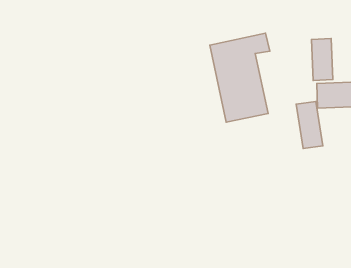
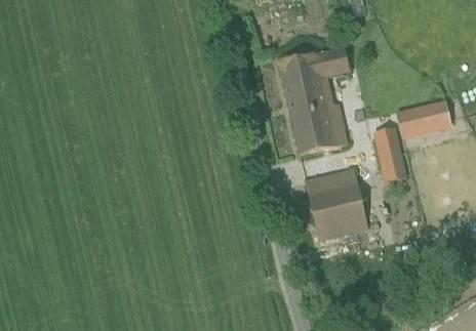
building: [311,39,333,80] -> none
building: none -> [312,172,369,240]

